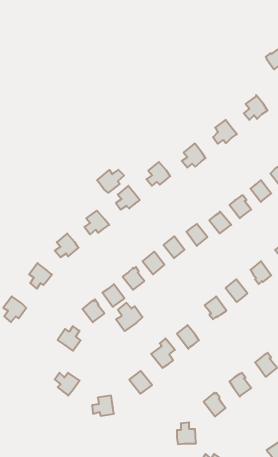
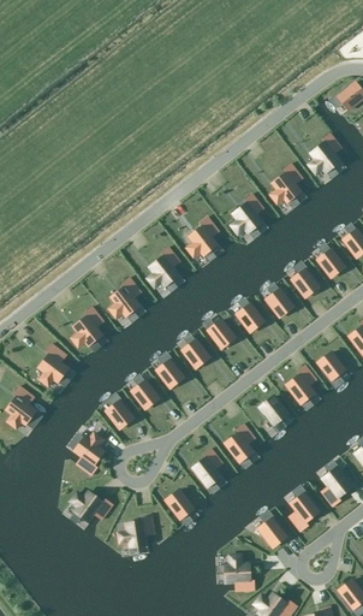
building: [97,170,124,193] -> none
building: [116,303,143,331] -> none

